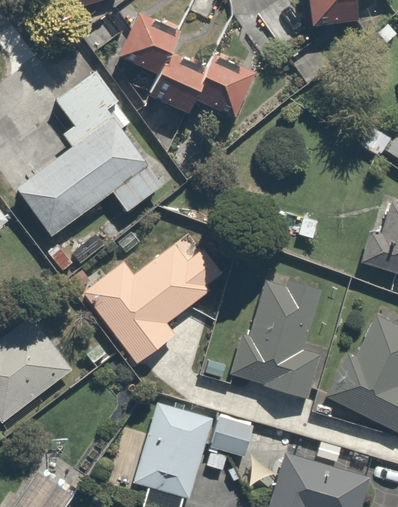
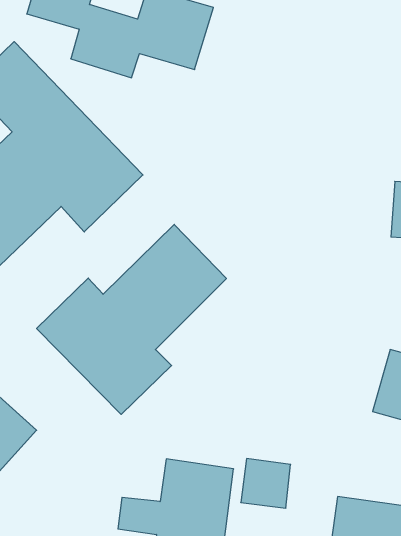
building: [230,275,324,398] -> none

